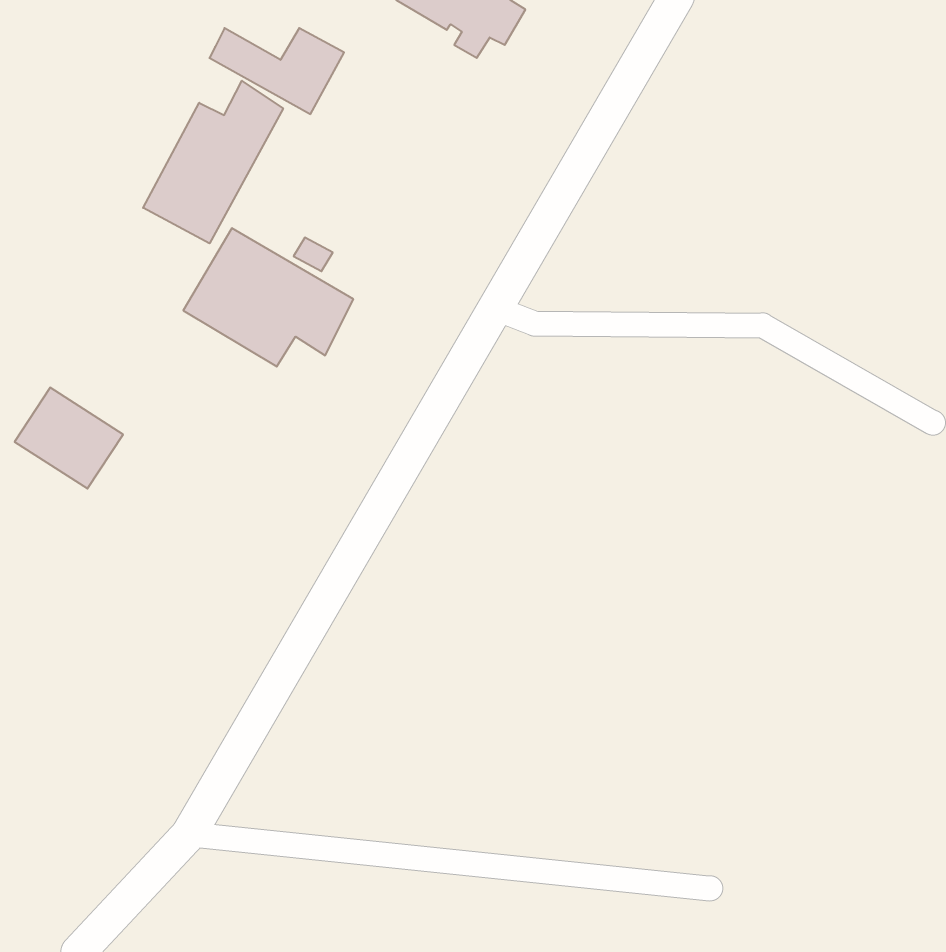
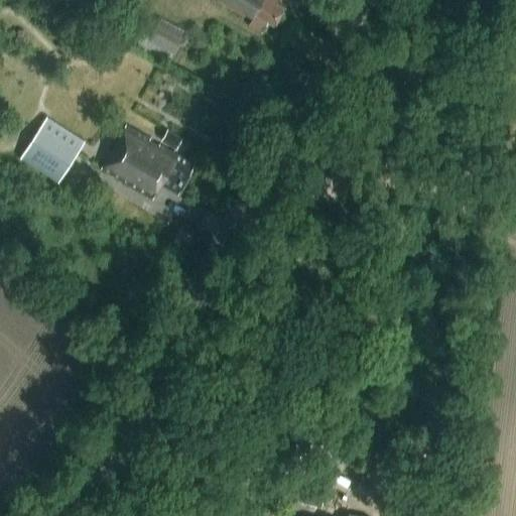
building: [143,81,283,243] -> none
building: [15,388,123,489] -> [21,126,80,180]

